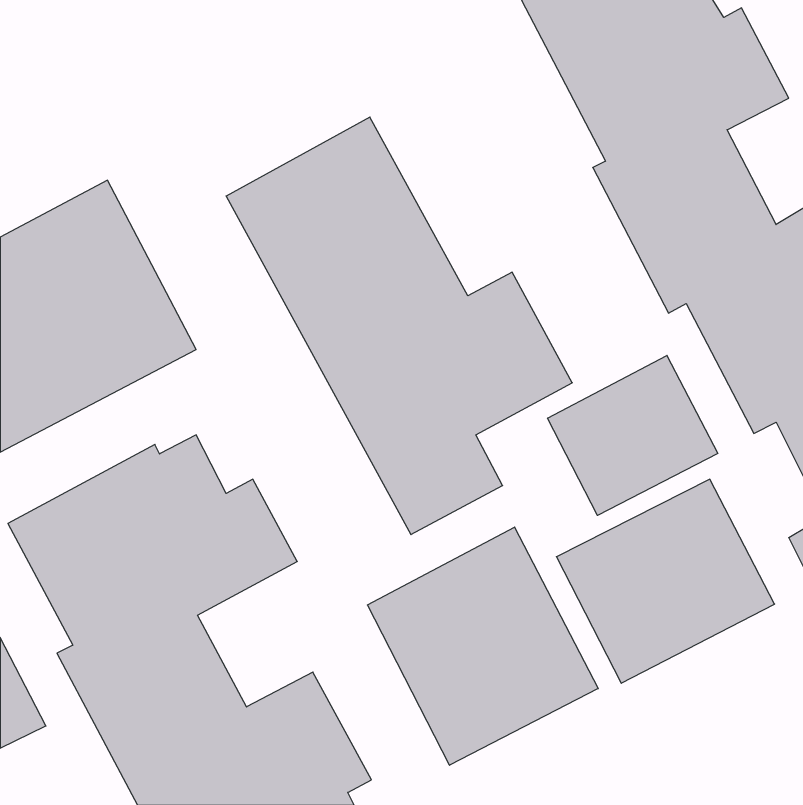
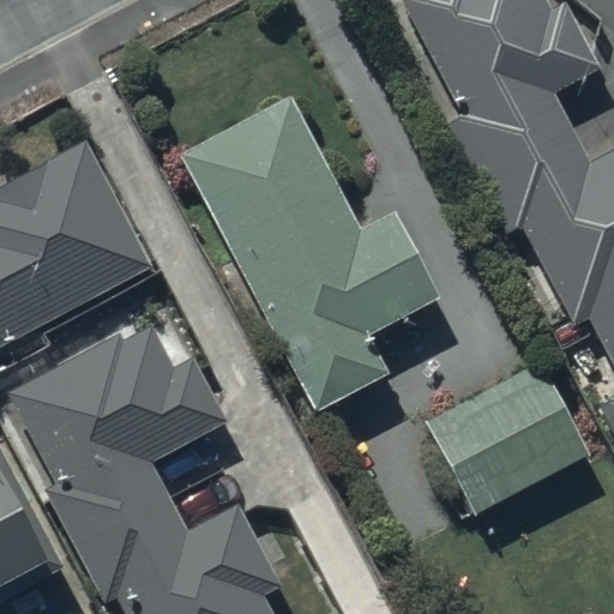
building: [548,355,718,515] -> none
building: [367,527,598,765] -> none

